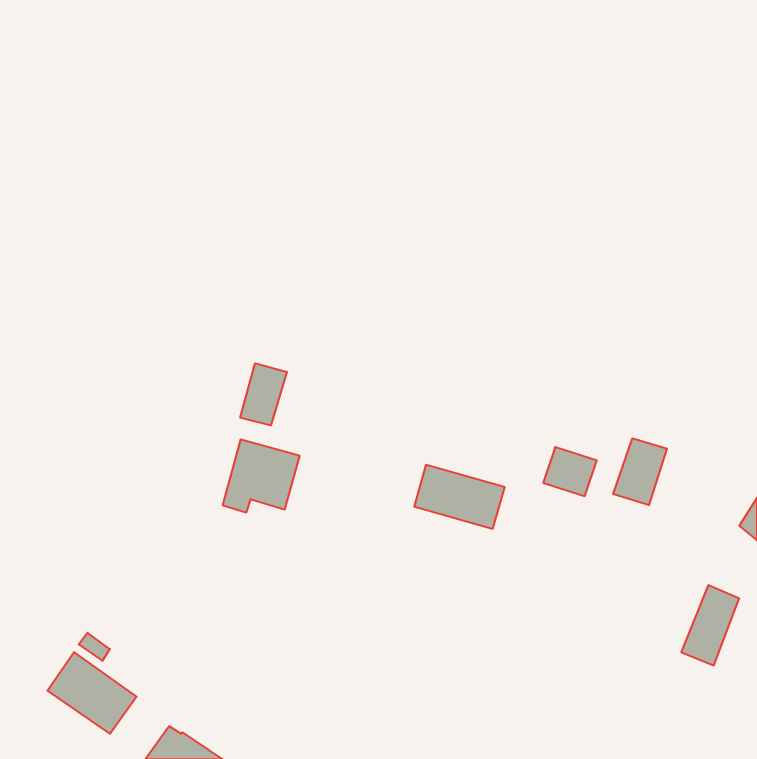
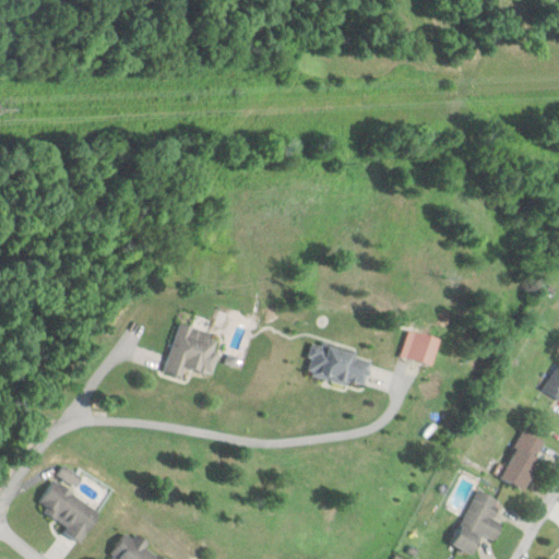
building: [240,363,287,425] -> none
building: [613,438,667,505] -> none
building: none -> [452,489,502,554]

